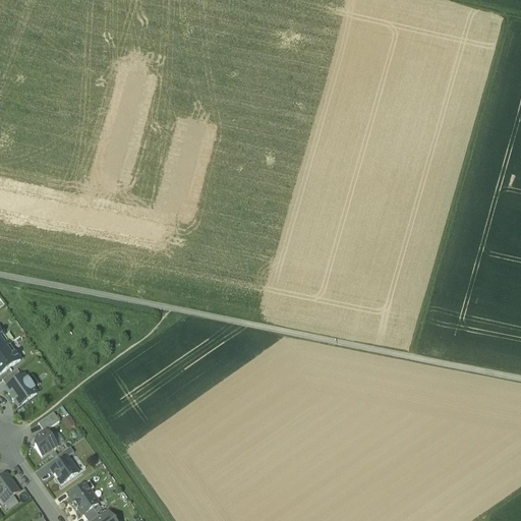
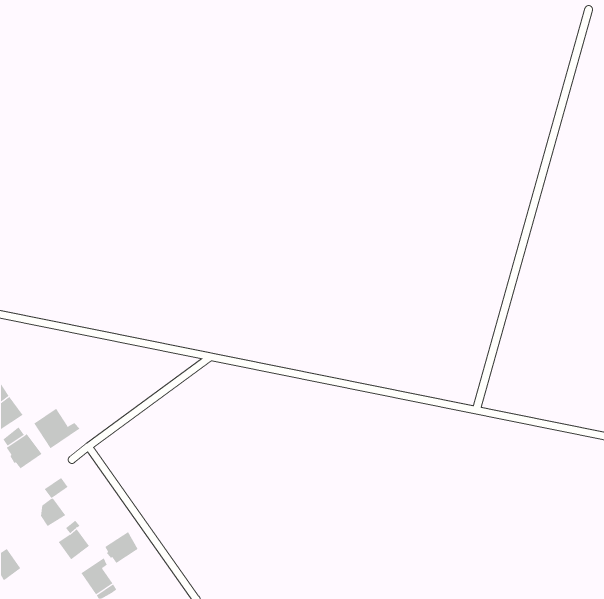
building: none -> [34,408,80,449]
building: none -> [105,531,138,564]

